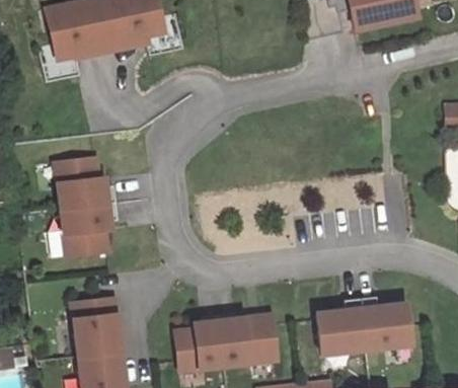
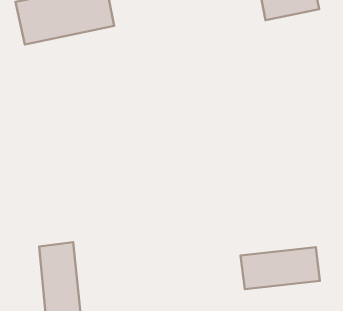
building: [55,156,109,254] -> none
building: [176,314,278,372] -> none

